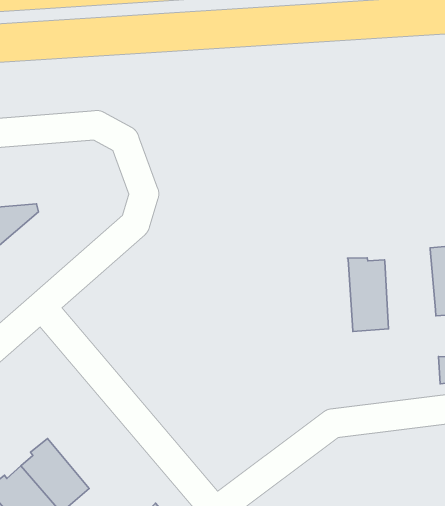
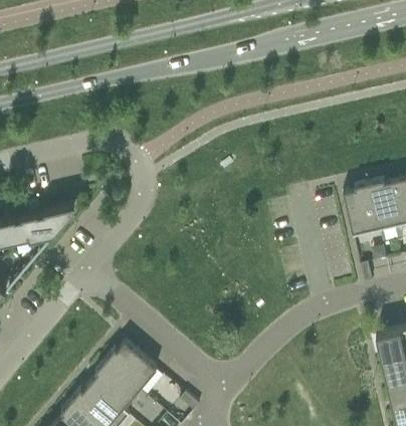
building: [348,258,389,331] -> none
building: none -> [107,342,164,395]

